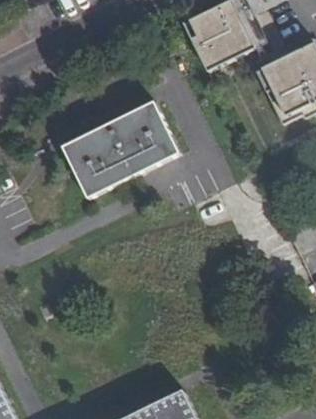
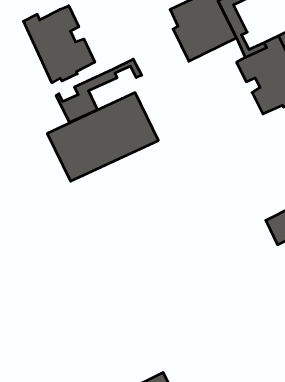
building: none -> [23,6,95,83]
building: none -> [56,59,142,123]

